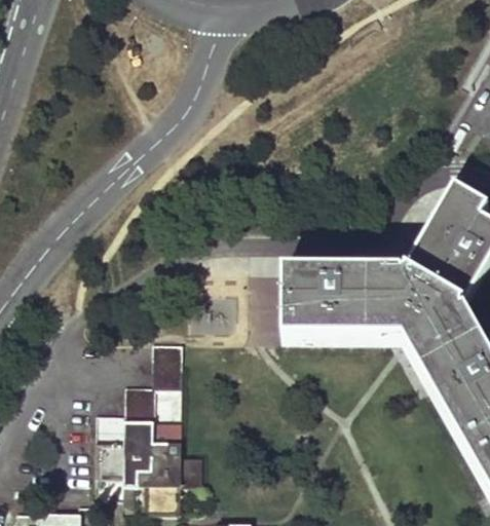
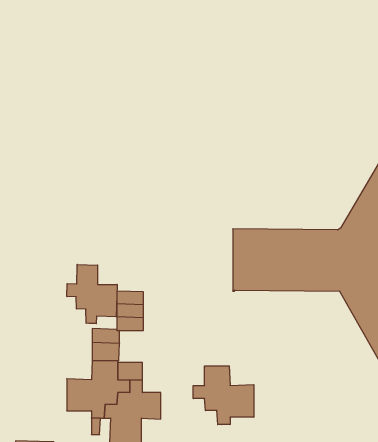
building: none -> [67,264,117,324]
building: none -> [193,366,254,425]

